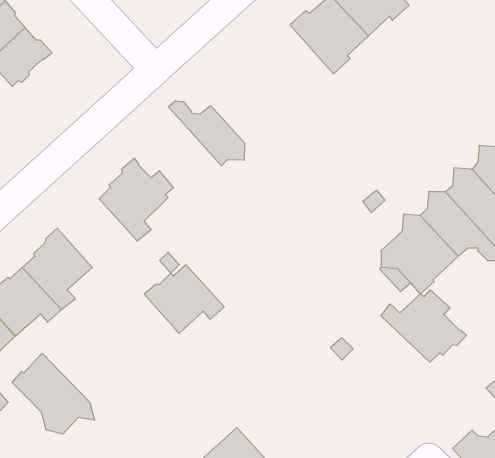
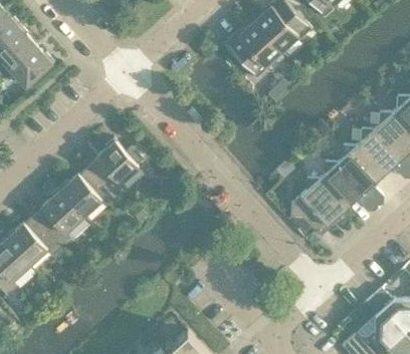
building: [168,101,245,166] -> none
building: [144,265,224,333] -> [58,168,116,218]
building: [381,290,467,362] -> none
building: [12,353,95,434] -> none

